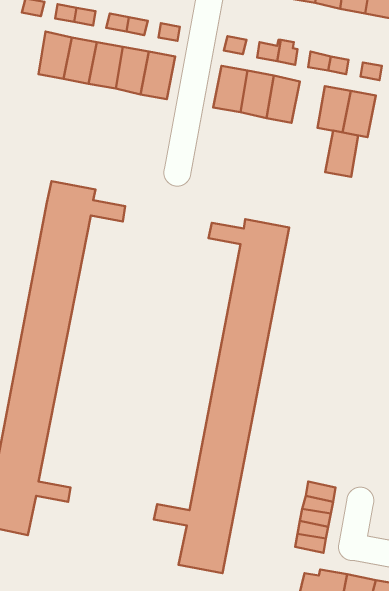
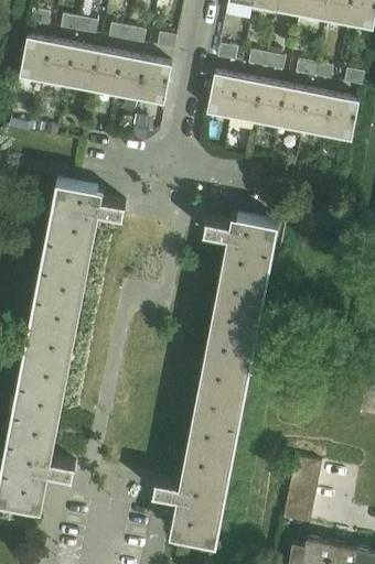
building: none -> [20,36,52,80]
building: [325,131,358,177] -> [280,87,311,130]

